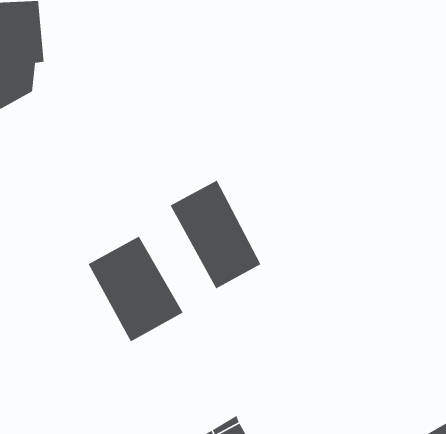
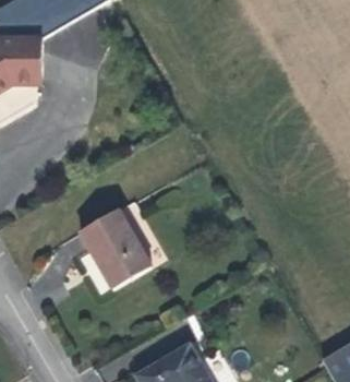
building: [170,180,261,290] -> none

